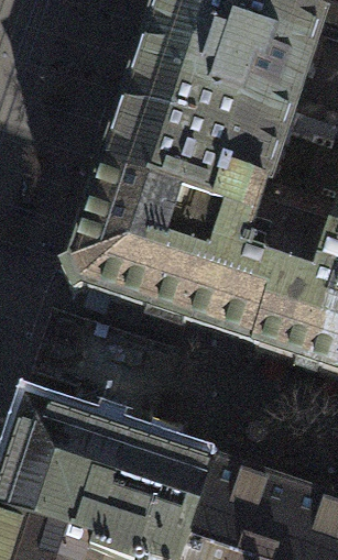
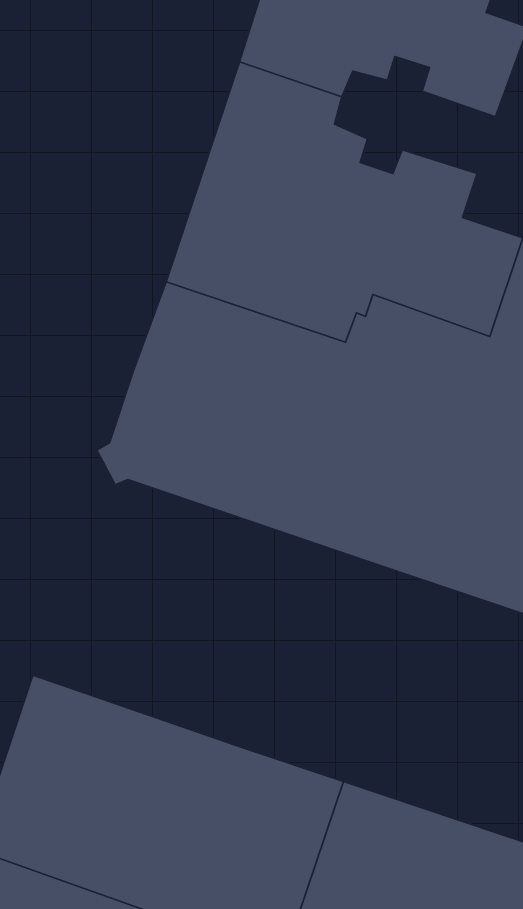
building: [207,35,306,107] -> none

